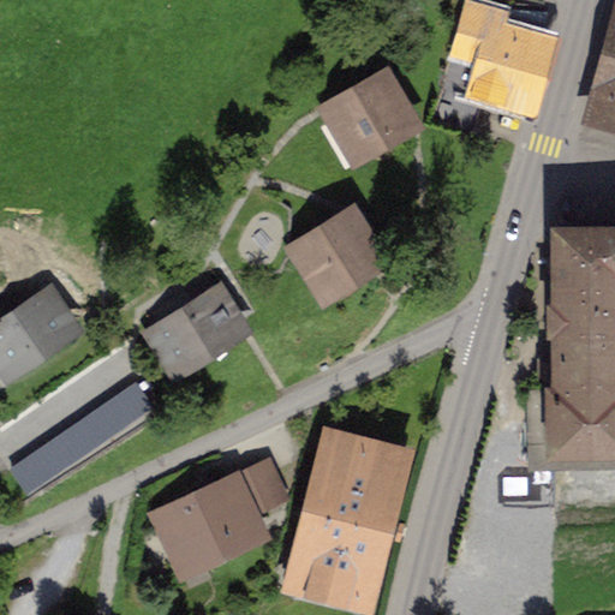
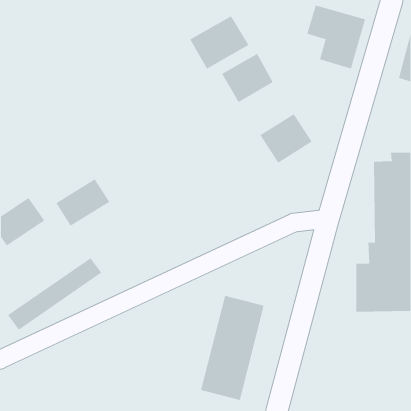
building: none -> [189,15,249,70]
building: [298,217,377,292] -> [259,114,313,163]
building: [155,294,237,366] -> [56,178,110,227]
building: [162,464,282,566] -> none

